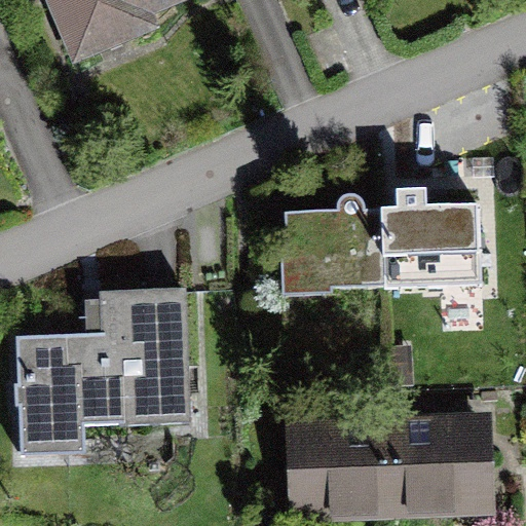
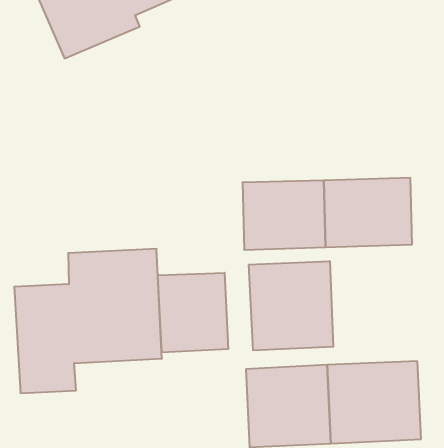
building: none -> [249,261,333,350]
building: none -> [158,273,228,353]

